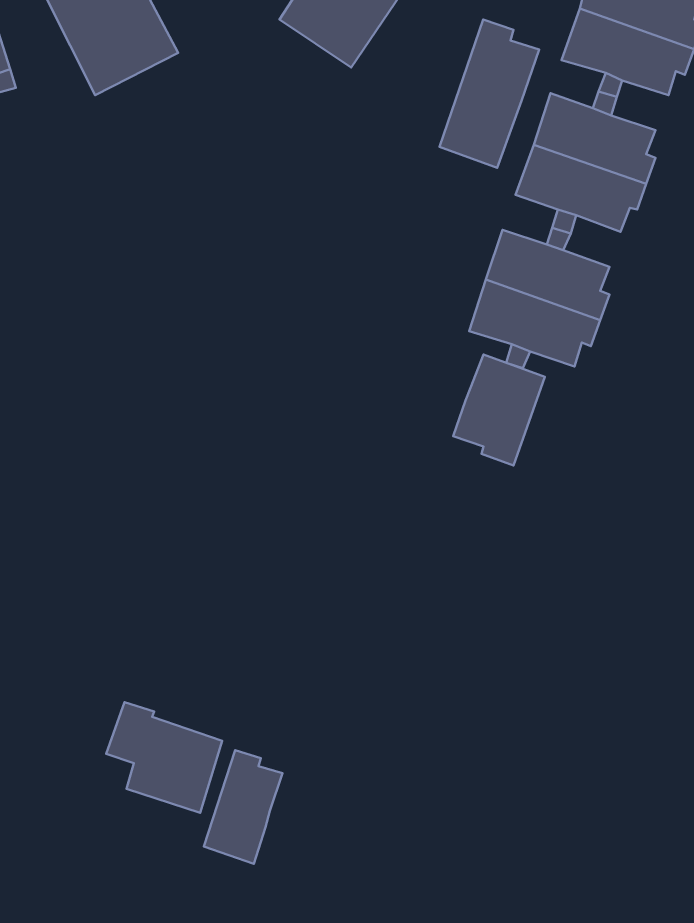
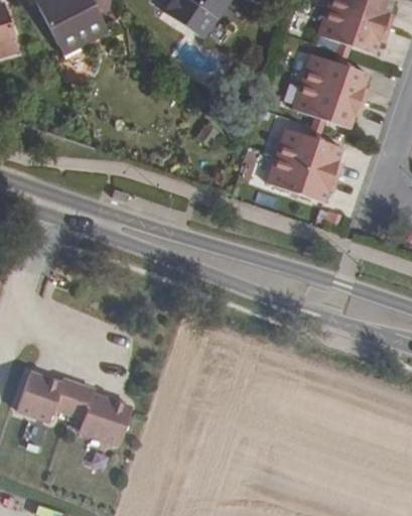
building: [440,19,539,168] -> none
building: [453,354,545,465] -> none
building: none -> [16,373,79,422]
building: [204,750,283,864] -> none

